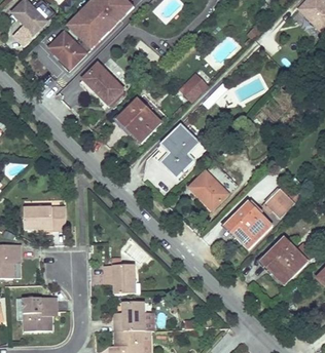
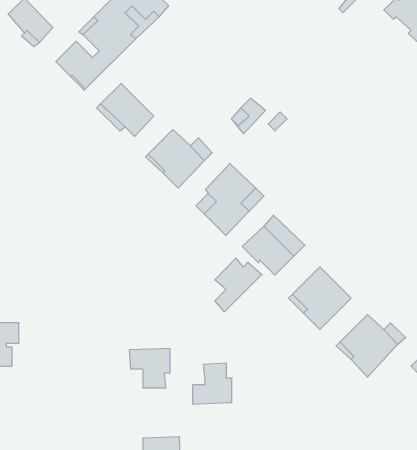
building: [263,187,295,218] -> none
building: none -> [215,258,262,312]
building: [24,206,66,230] -> none
building: [23,297,57,330] -> none
building: [114,301,144,331] -> [192,363,232,404]

